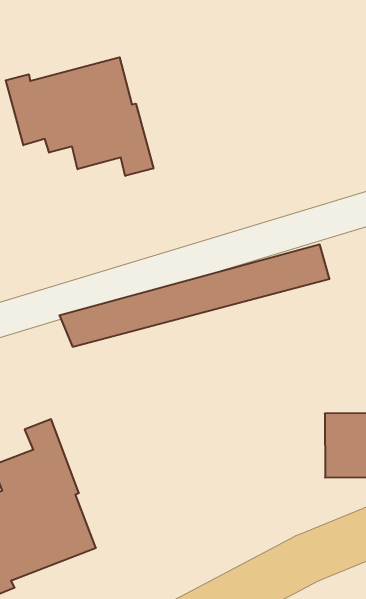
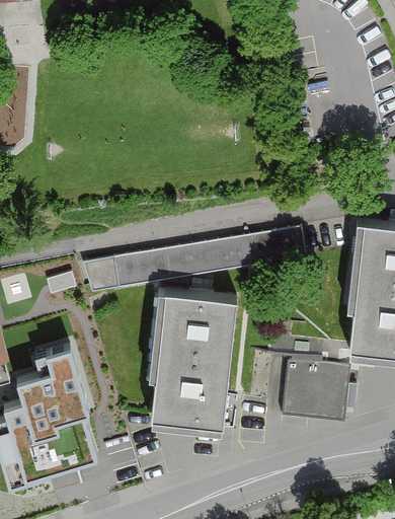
building: [6,57,153,176] -> none
building: none -> [151,290,233,420]

